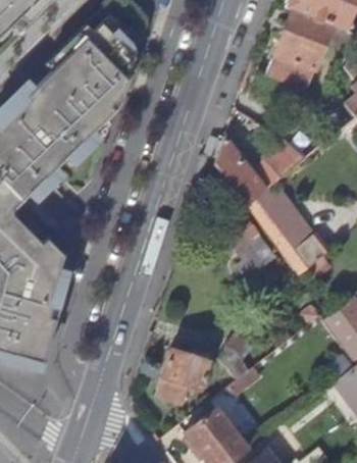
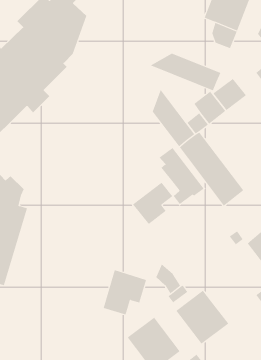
building: none -> [149,53,221,91]
building: none -> [132,182,173,225]
building: none -> [175,290,229,344]

